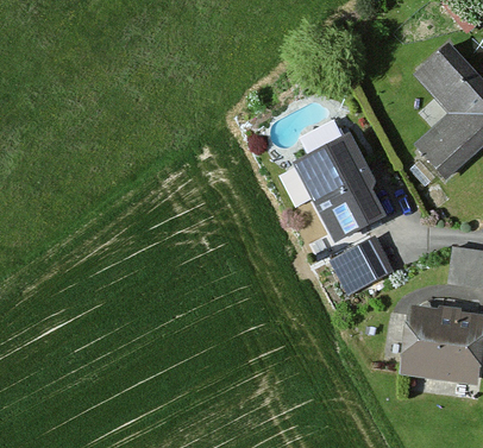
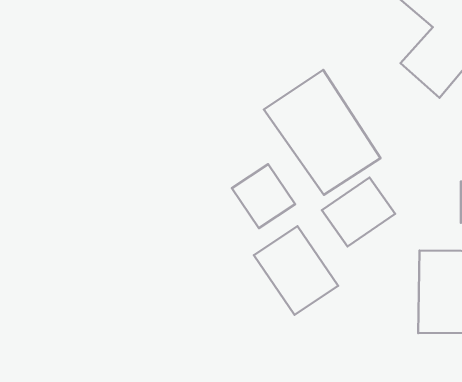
building: none -> [232,164,295,228]
building: none -> [254,226,338,315]

